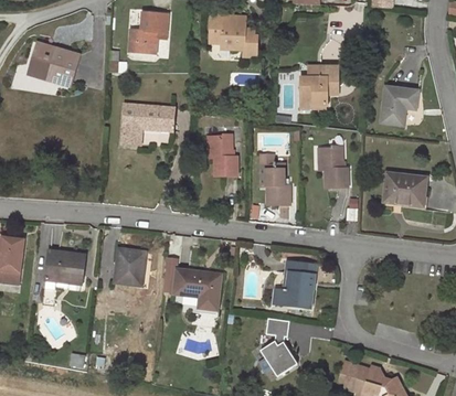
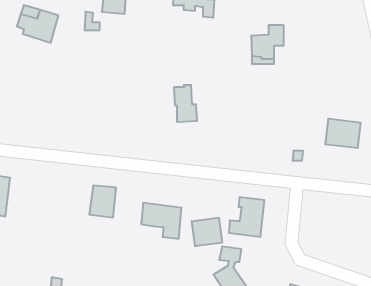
building: [381,86,417,126] -> none
building: [121,103,173,145] -> none
building: [320,146,348,188] -> none
building: [264,162,289,204] -> none
building: [42,249,85,306] -> none
building: none -> [192,218,222,246]

